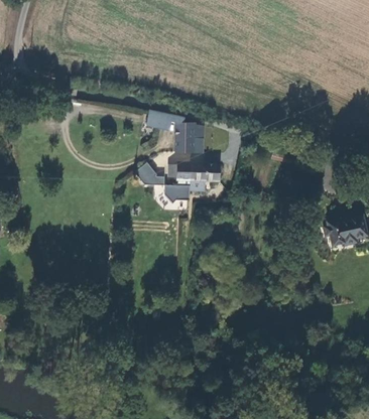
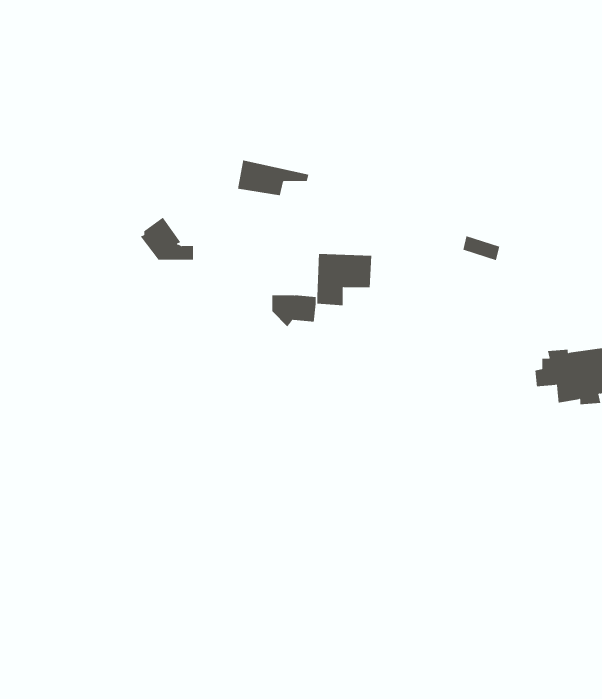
building: [175,122,207,153] -> none
building: [135,161,165,185] -> [140,217,194,260]
building: [169,161,192,186] -> none

